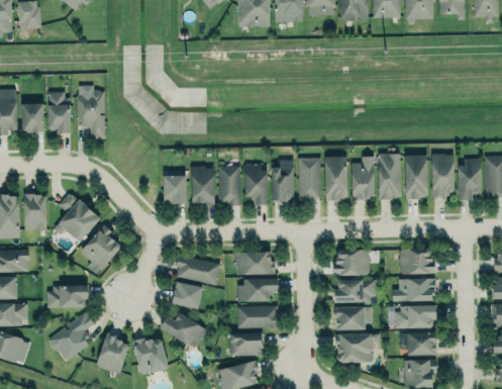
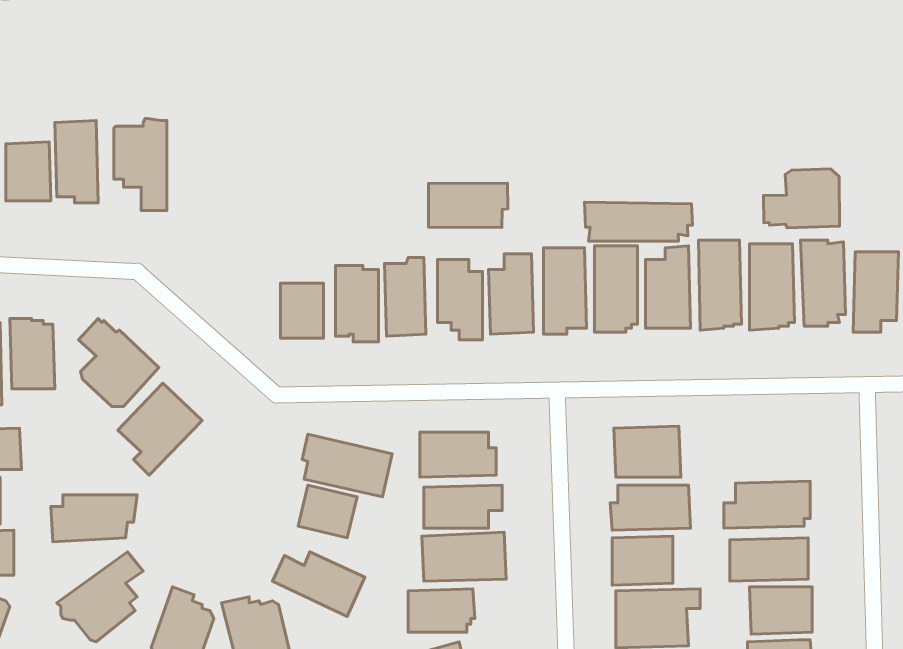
building: none -> [763,169,840,228]
building: none -> [428,183,508,227]
building: none -> [584,202,692,241]
building: [399,249,435,274] -> none

